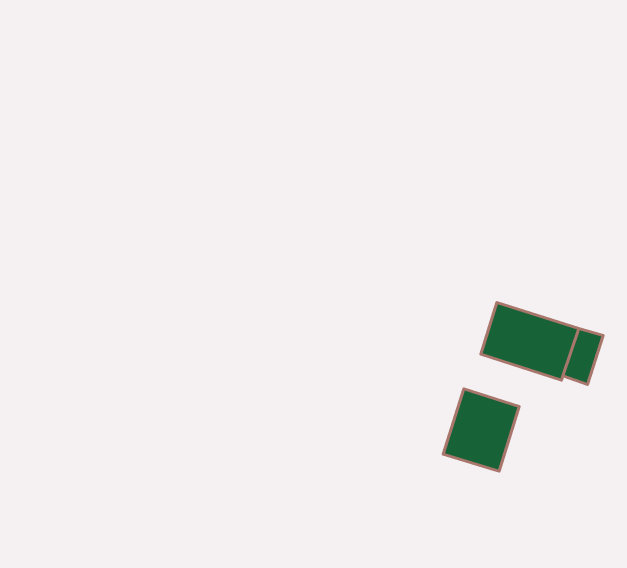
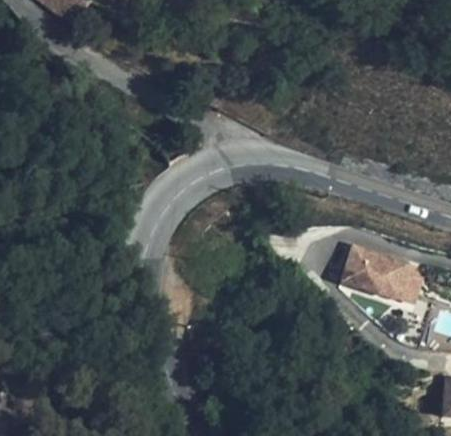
building: [443,389,519,471] -> none

